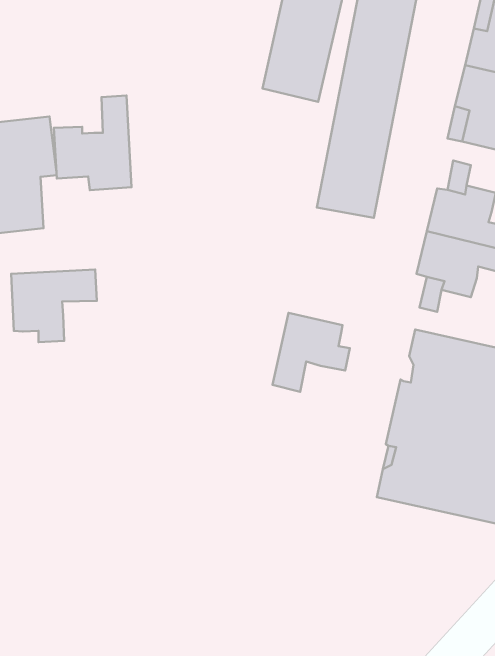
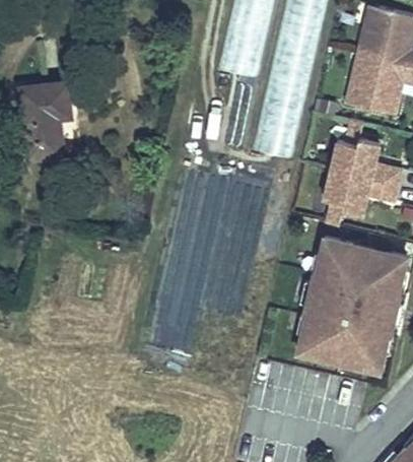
building: [54,96,131,190] -> none
building: [11,270,97,342] -> none
building: [272,313,350,392] -> none

